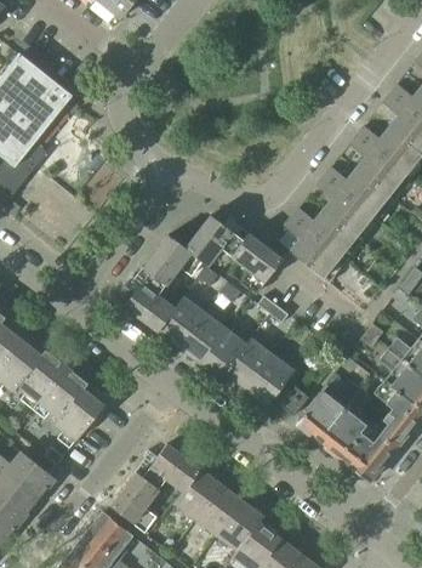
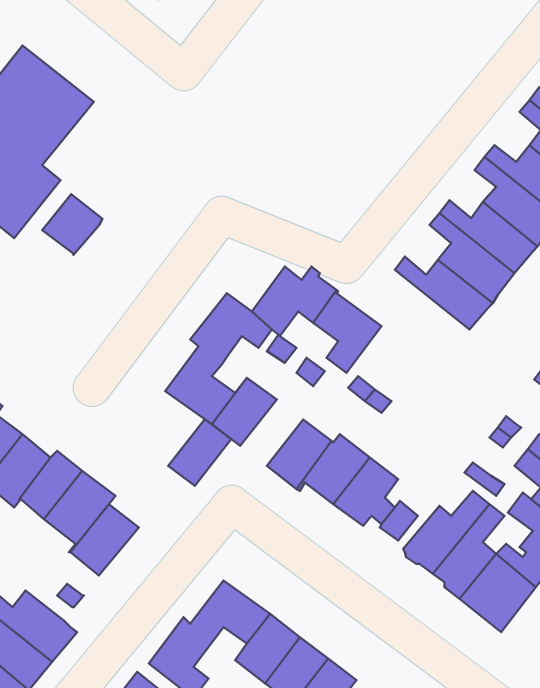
building: none -> [42,194,102,255]
building: [284,217,346,283] -> none
building: [178,312,224,360] -> [168,419,231,486]

